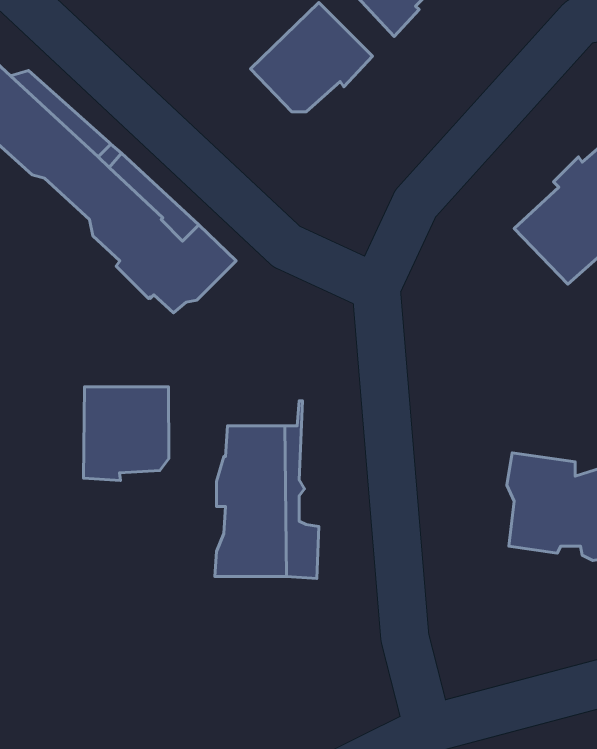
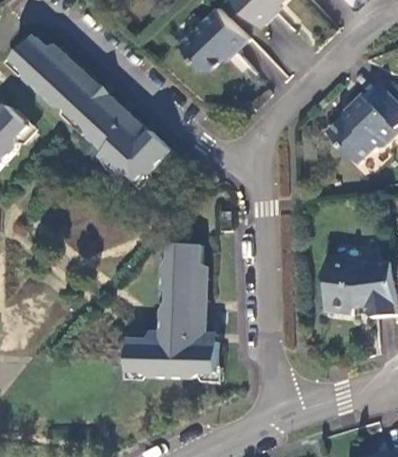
building: [83,387,169,480] -> none
building: none -> [126,334,216,372]

